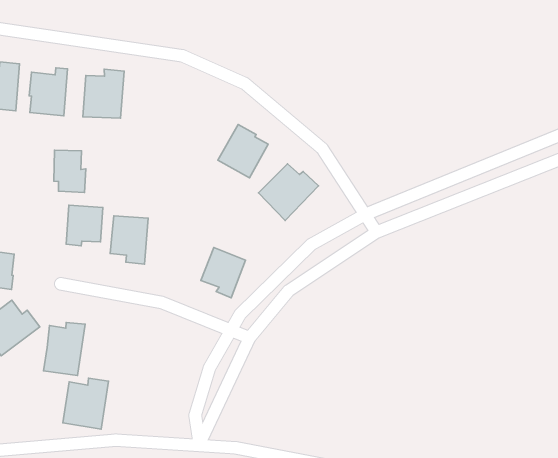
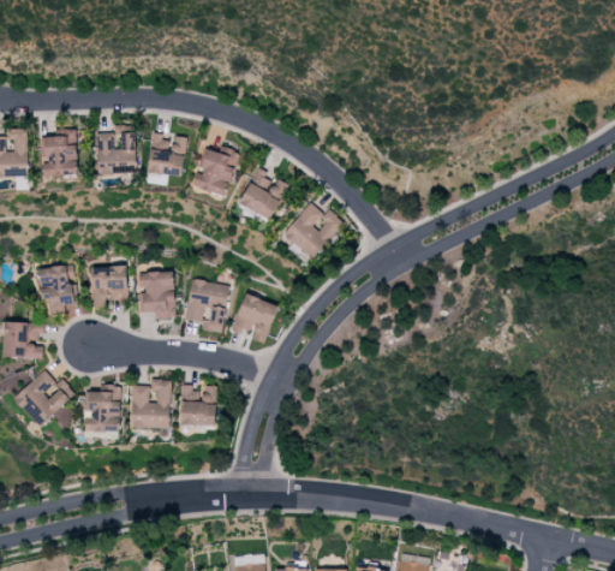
building: none -> [145,132,186,177]
building: none -> [192,145,240,197]
building: [54,150,86,192] -> [38,266,73,309]
building: none -> [184,279,229,333]
building: none -> [180,386,216,426]
building: [63,378,108,429] -> [129,379,171,429]

